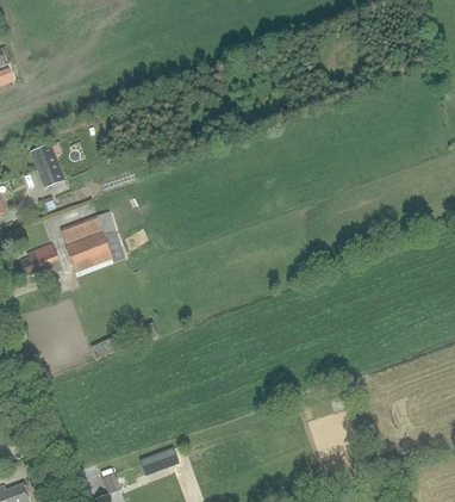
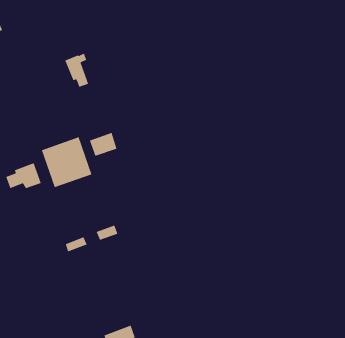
building: [32,141,63,185] -> [64,52,89,88]
building: none -> [89,132,118,157]

